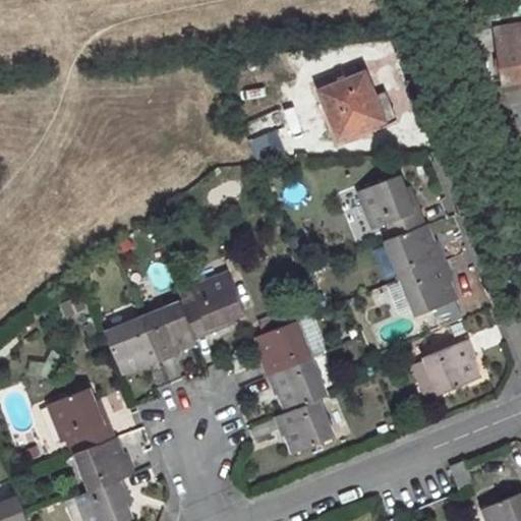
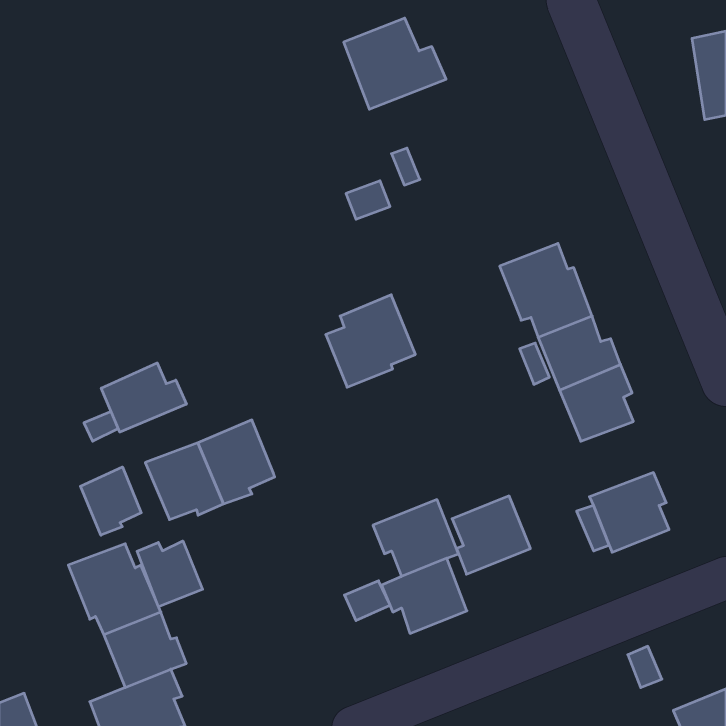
building: [321,74,394,139] -> [344,18,446,109]
building: none -> [101,363,186,432]
building: [180,273,244,339] -> [326,295,415,387]
building: [256,321,312,377] -> [452,496,530,574]
building: none -> [80,467,141,535]
building: none -> [137,541,203,607]

